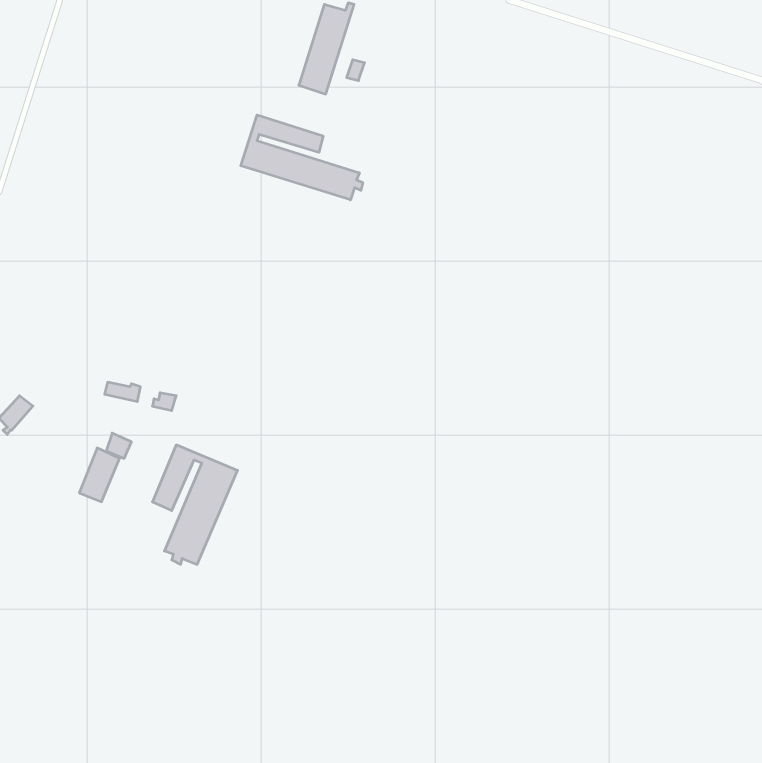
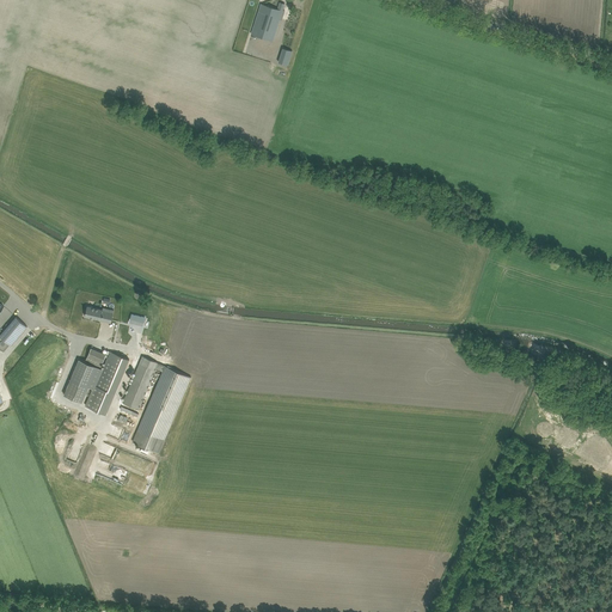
building: [241,115,363,200] -> none
building: none -> [84,351,128,414]

